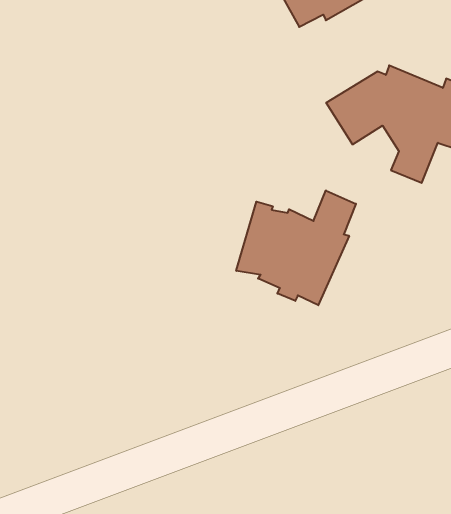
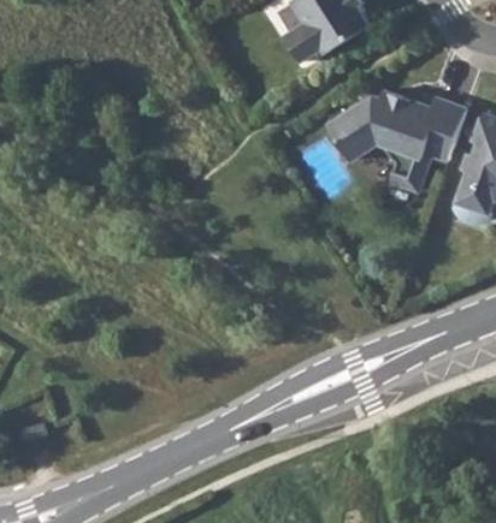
building: [236,190,356,305] -> none

